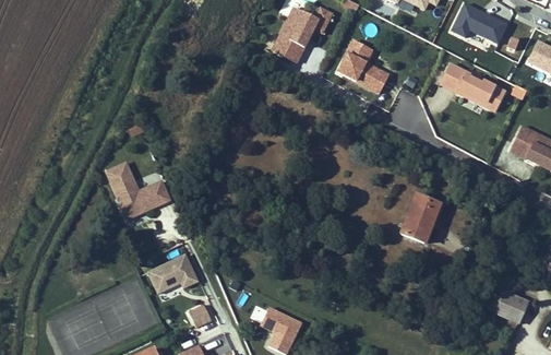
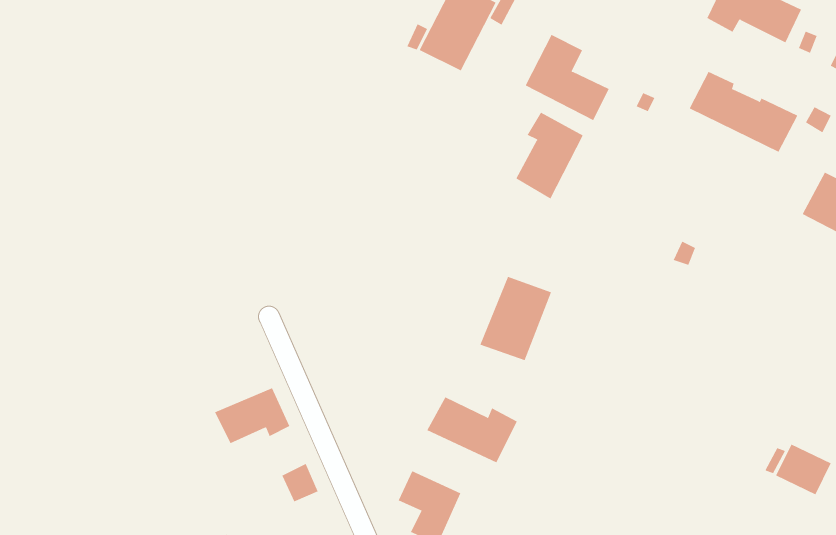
building: none -> [516,112,583,199]
building: [107,165,168,220] -> none
building: [400,191,445,244] -> [479,276,552,361]
building: none -> [427,396,517,463]

